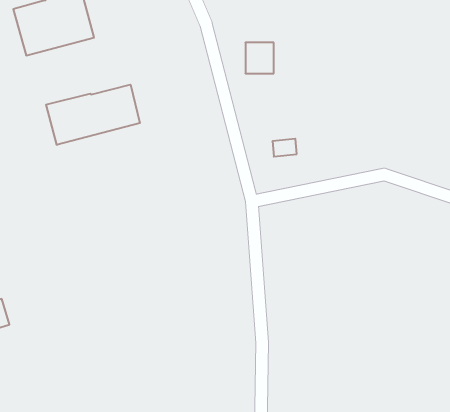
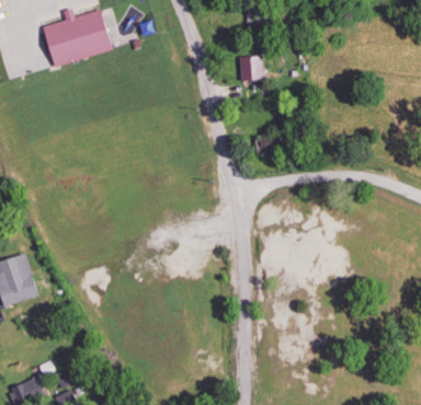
building: [46,85,140,145] -> none

